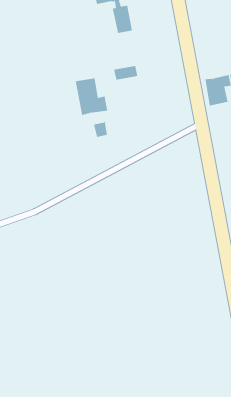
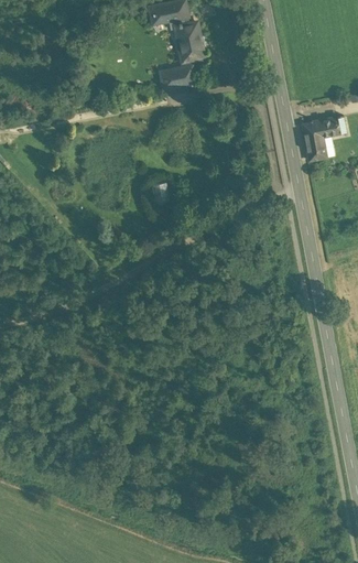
building: [113,65,138,81] -> [161,66,195,87]
building: [75,78,108,117] -> none

